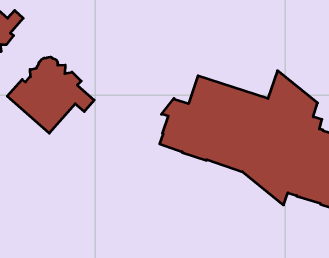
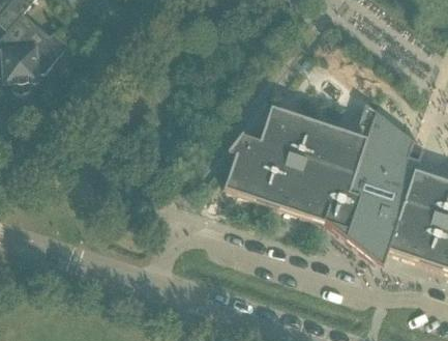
building: [7,57,94,133] -> none

